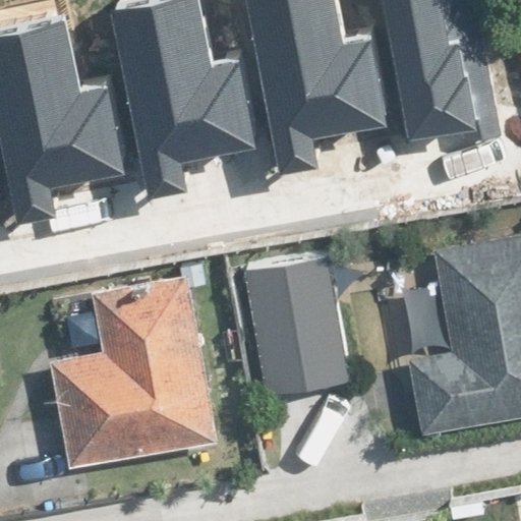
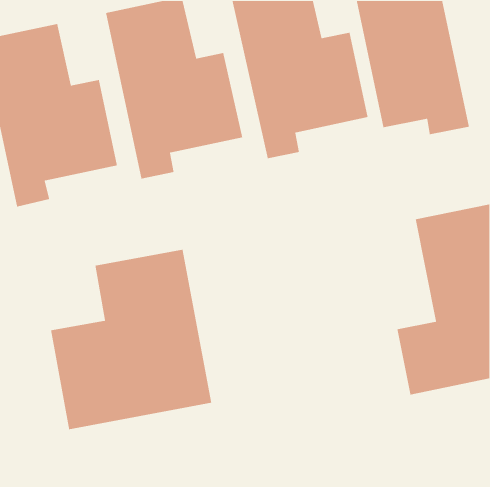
building: [244,246,355,389] -> none

